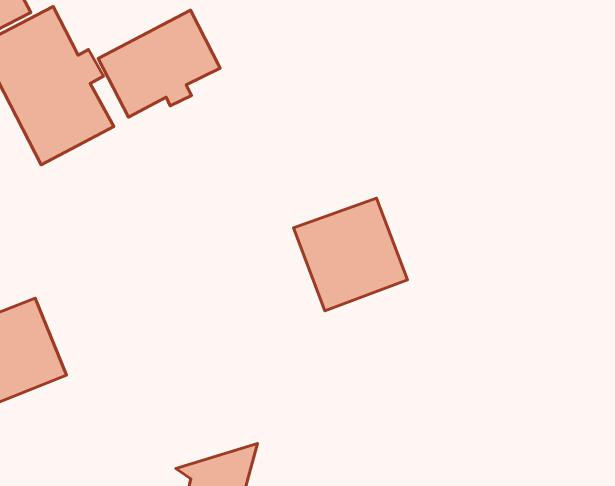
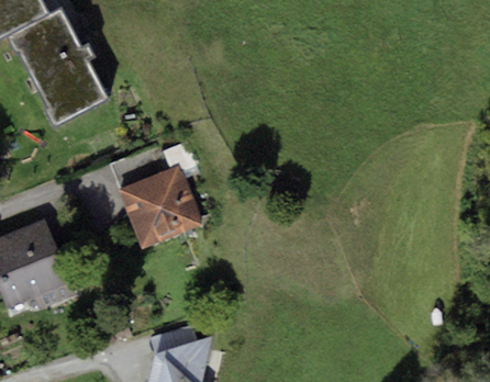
building: [98,10,220,117] -> none
building: [294,198,408,311] -> [118,166,202,249]

